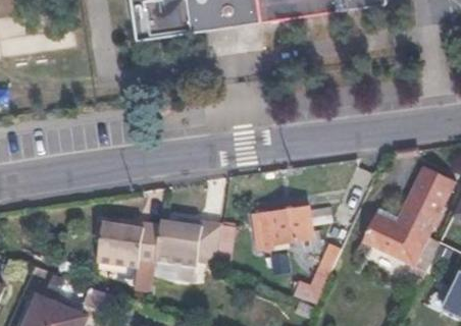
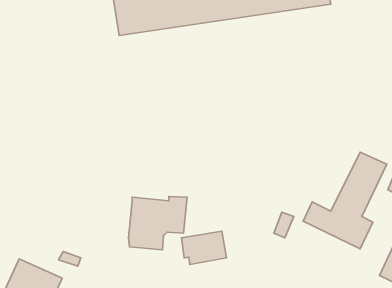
building: [265,203,315,239] -> [181,231,227,264]
building: [102,224,161,271] -> none

